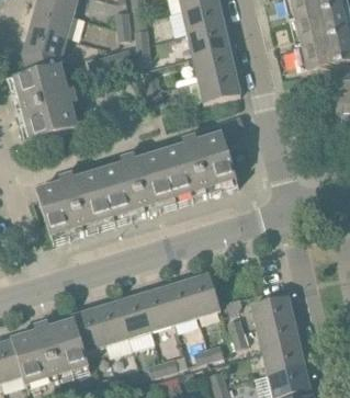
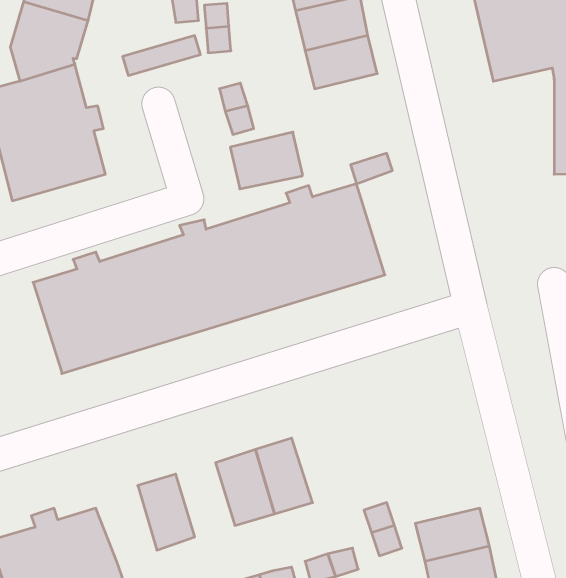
building: [199,68,240,101] -> [230,132,302,189]
building: [185,271,221,316] -> none
building: [118,293,153,336] -> none
building: [250,294,294,328] -> none
building: [71,306,108,350] -> none

